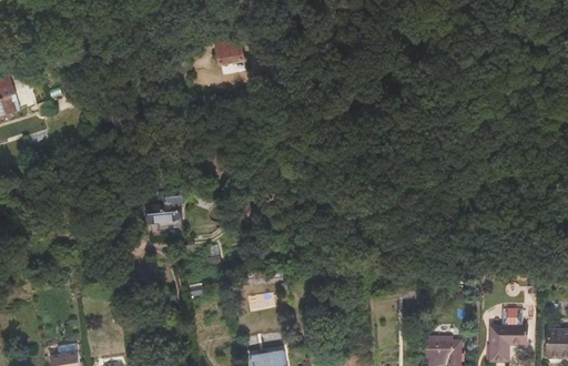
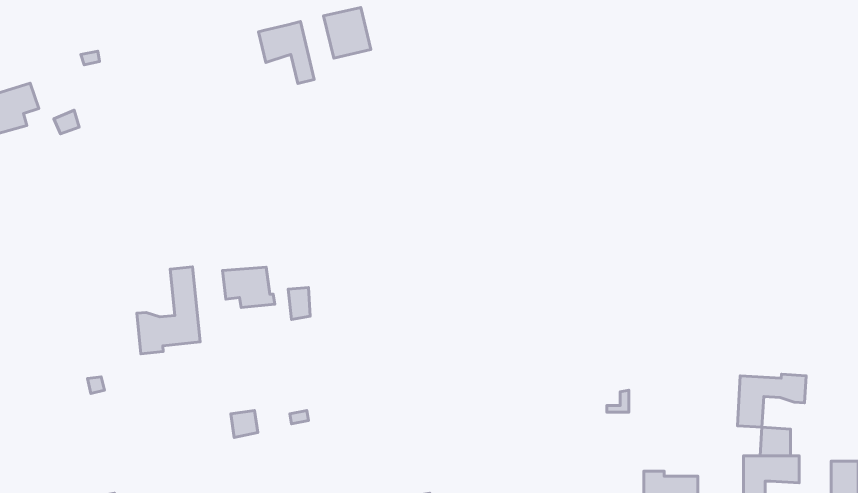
building: none -> [259,22,314,83]
building: none -> [137,267,200,354]
building: none -> [737,374,806,427]

